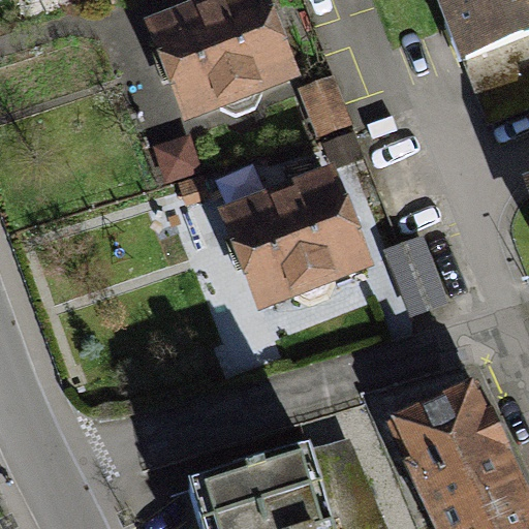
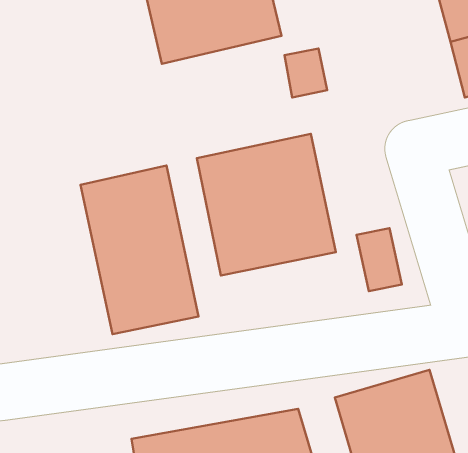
building: none -> [80,165,199,334]

